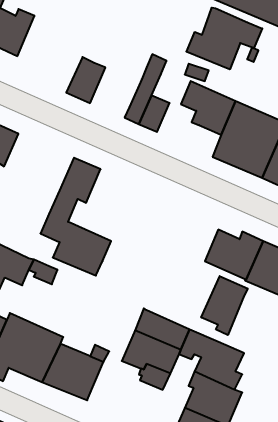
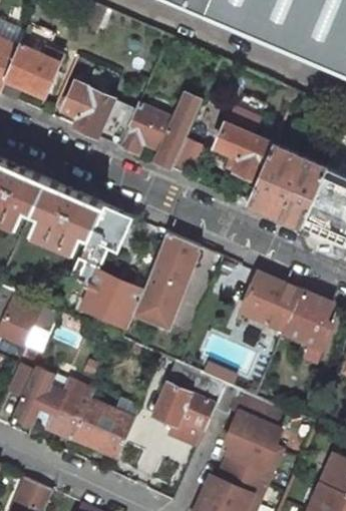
building: [186,8,262,69] -> none
building: none -> [64,82,112,135]
building: none -> [120,104,175,153]
building: none -> [30,178,103,251]
building: none -> [133,230,201,327]
building: [201,276,248,335] -> none

